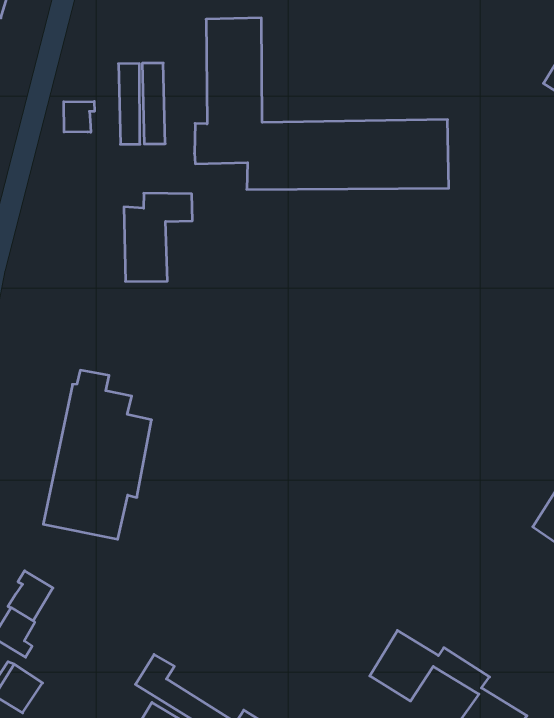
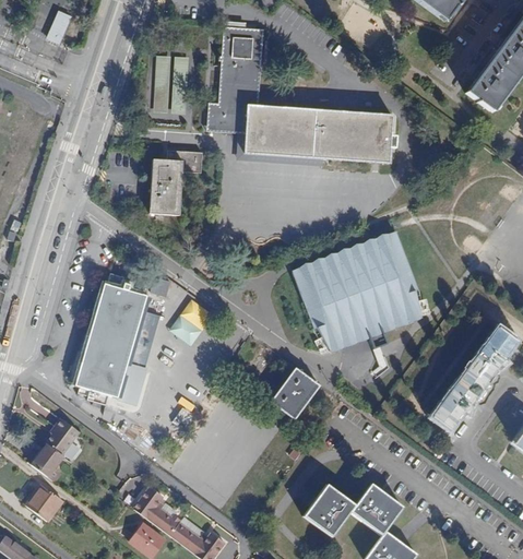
building: [64,101,94,132] -> none
building: none -> [292,231,420,353]
building: none -> [270,367,319,419]
building: none -> [359,484,402,523]

